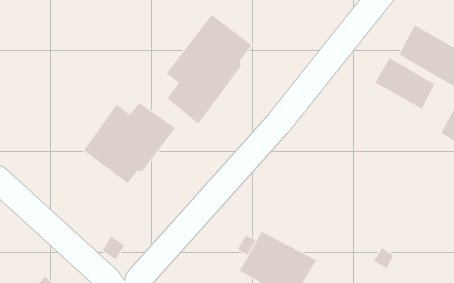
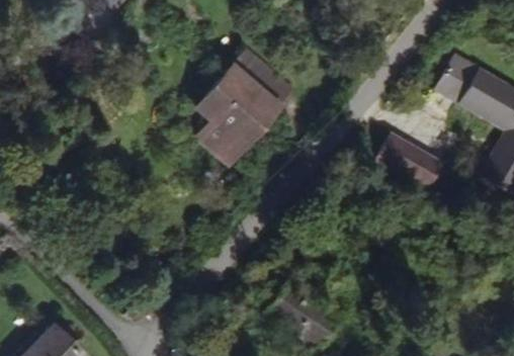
building: [374,57,435,110] -> [372,136,438,192]
building: [83,102,176,184] -> none

